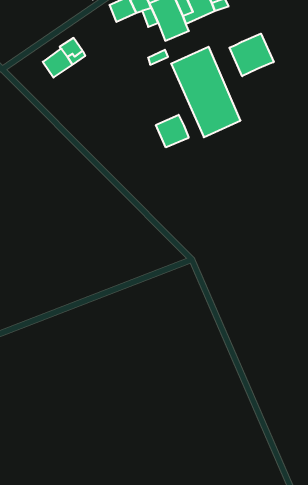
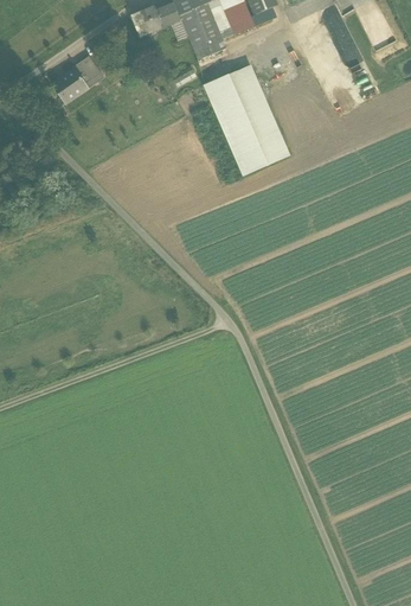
building: [229,34,274,76] -> none
building: [156,115,189,147] -> none

